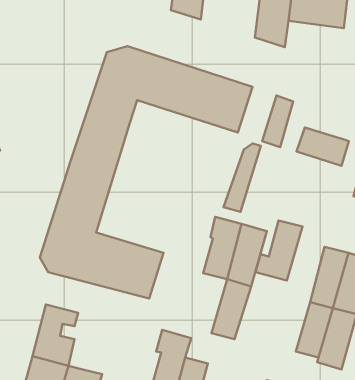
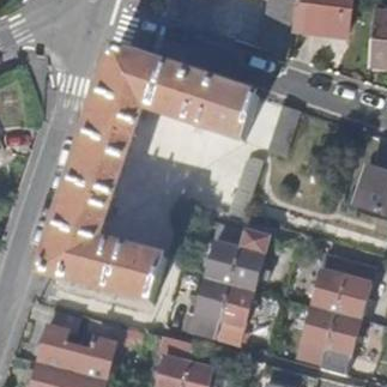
building: [297,128,349,166] -> none
building: [256,220,302,280] -> [183,280,230,340]
building: none -> [72,321,120,381]

